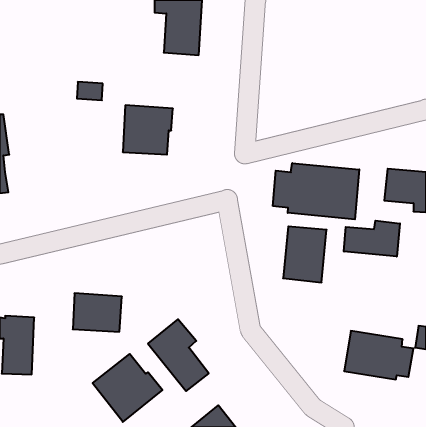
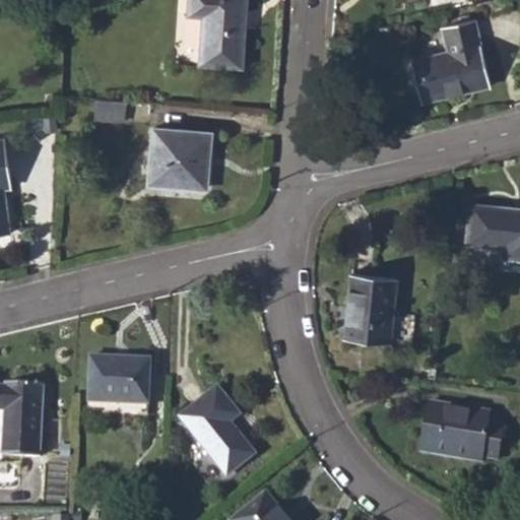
building: none -> [412,19,491,104]
building: [273,163,359,219] -> none
building: [344,221,400,257] -> none
building: [93,354,162,422] -> none

